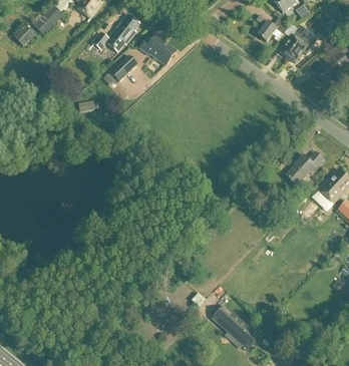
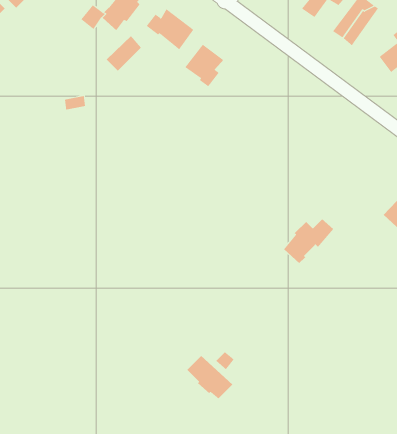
building: none -> [184,44,224,87]
building: [286,151,324,186] -> [283,218,334,264]
building: [218,312,253,345] -> [186,355,233,399]

